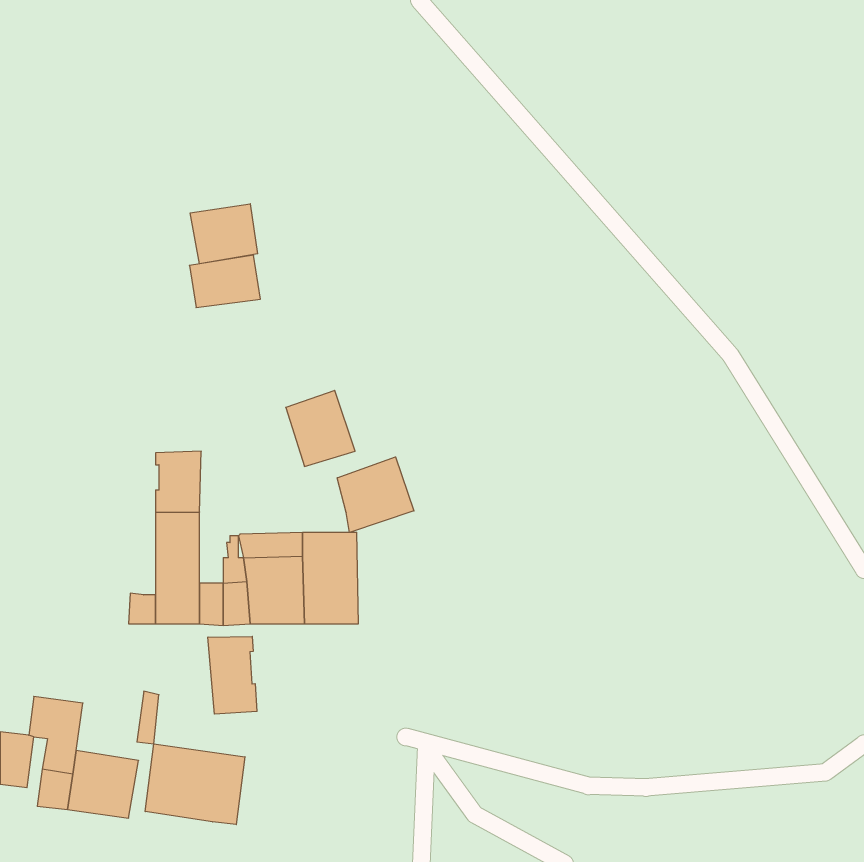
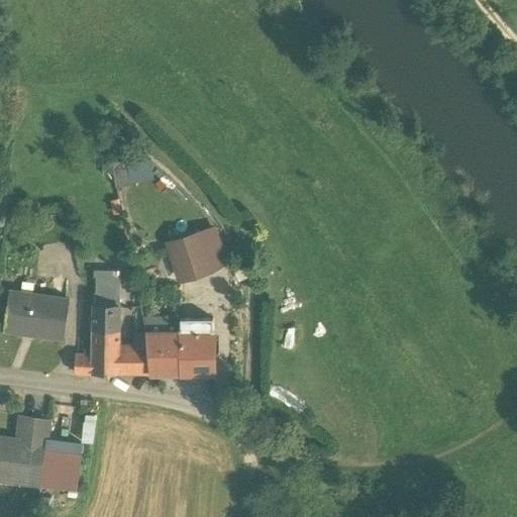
building: [190,204,258,264] -> none
building: [337,457,414,532] -> none
building: none -> [5,293,70,339]
building: [208,636,257,714] -> none
building: [145,744,245,825] -> none

